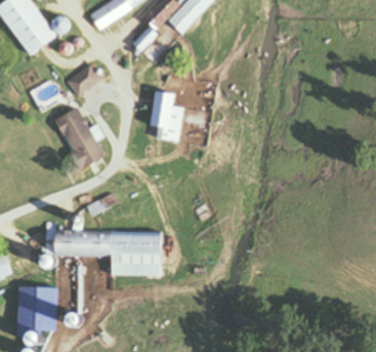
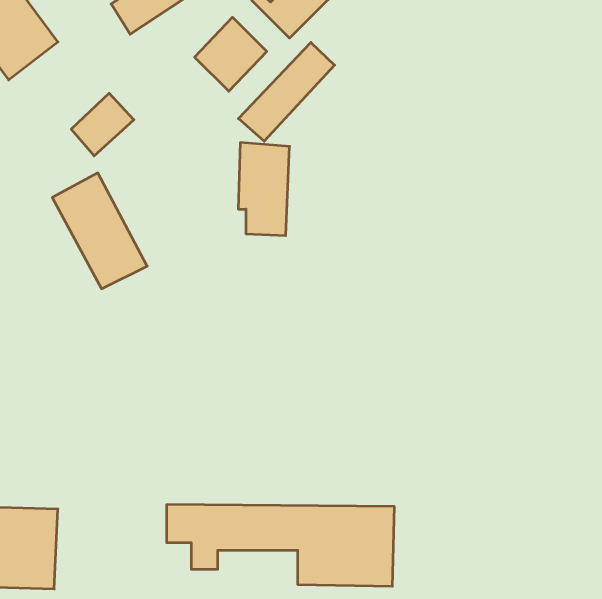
building: none -> [238,42,335,141]
building: [42,232,165,276] -> [167,505,394,586]

